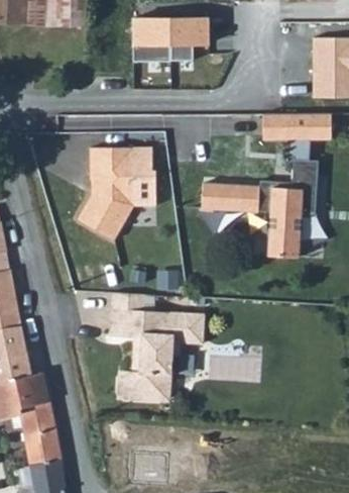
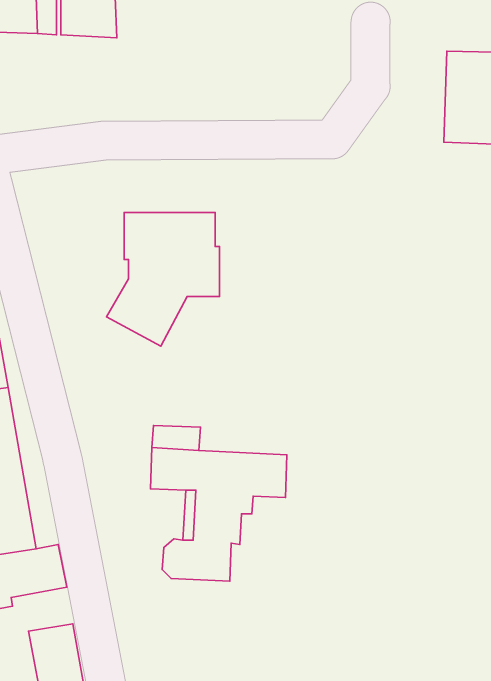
building: [136,9,212,55] -> none
building: [266,114,334,142] -> none
building: [201,158,316,257] -> none
building: [12,406,54,436] -> none

